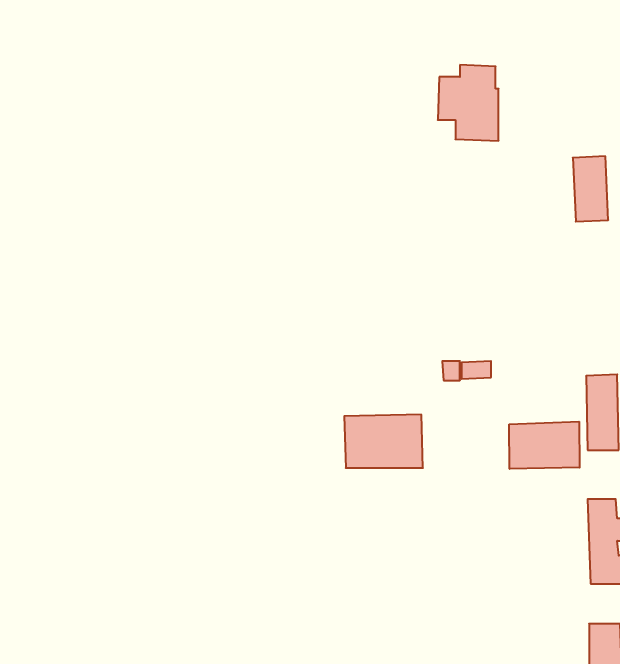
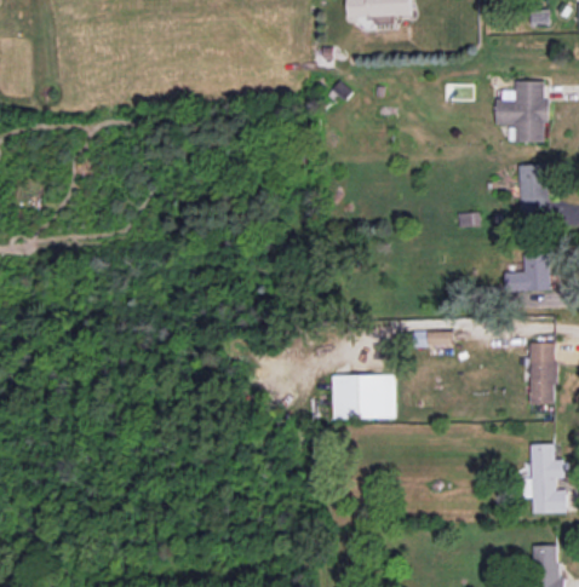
building: [438,65,499,141] -> [497,81,546,143]
building: none -> [505,254,550,292]
building: [509,422,580,469] -> none

